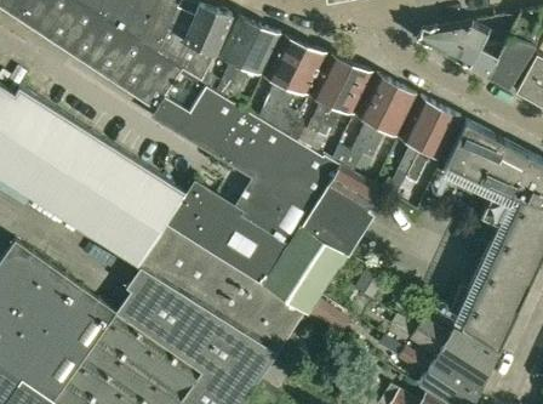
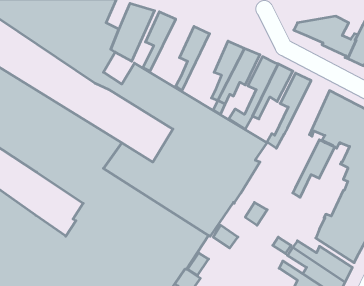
building: [227,27,280,101] -> none
building: [269,46,325,132] -> none
building: [405,108,461,184] -> [293,140,335,197]

